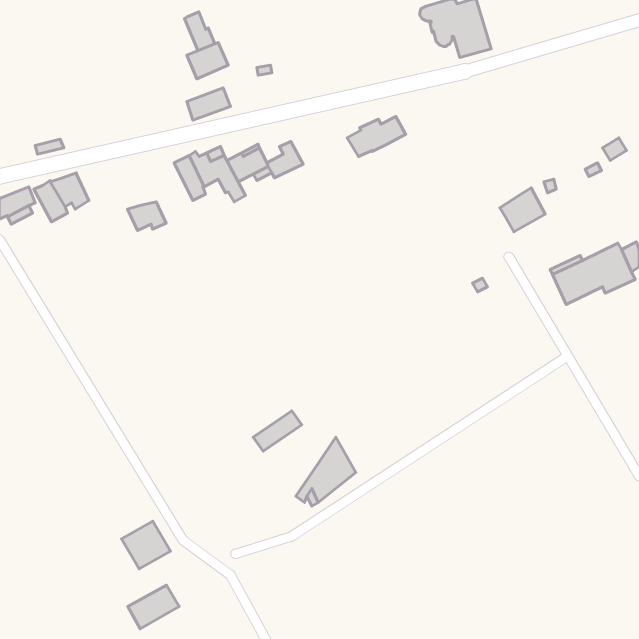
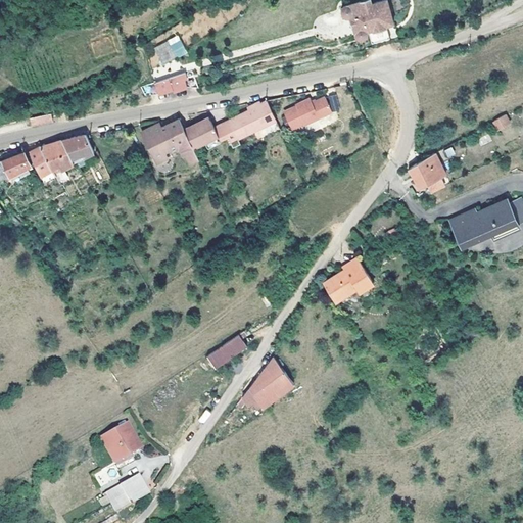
building: [184,12,215,50] -> none
building: none -> [237,100,276,134]
building: [127,202,166,231] -> [62,136,94,159]
building: none -> [322,257,374,303]

